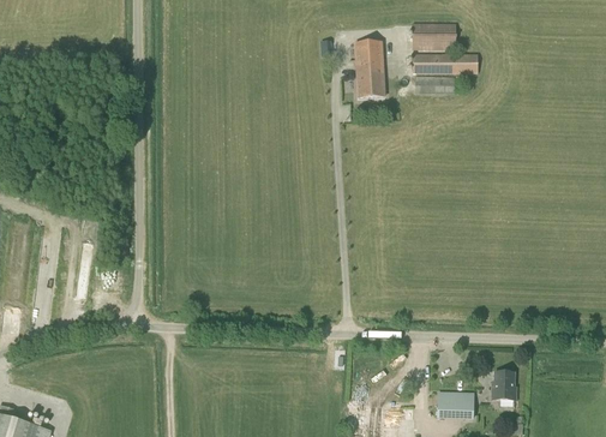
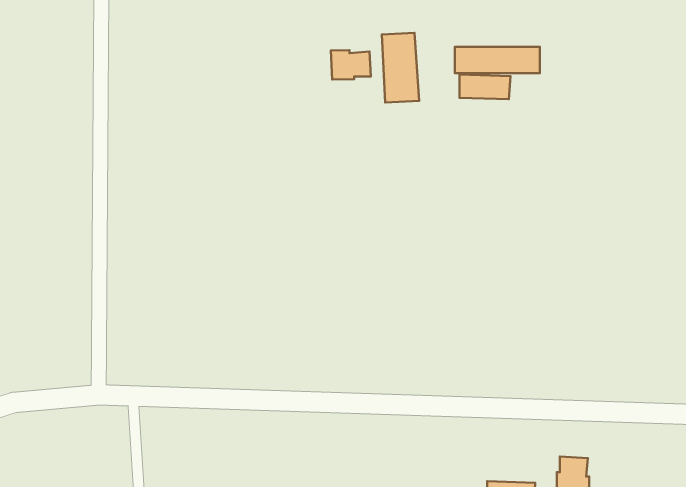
building: [412,23,456,49] -> none
building: none -> [331,50,371,79]

